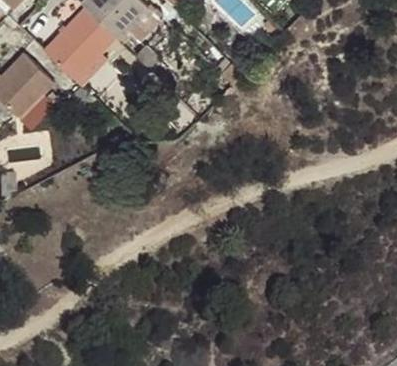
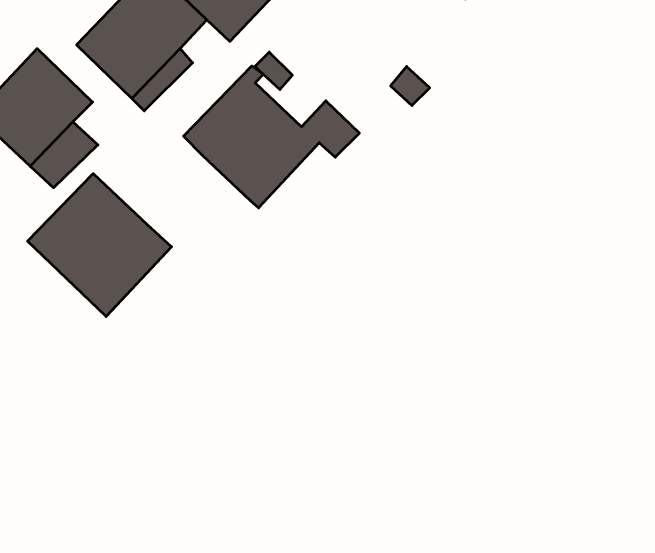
building: none -> [184,66,359,208]
building: none -> [28,174,172,317]

